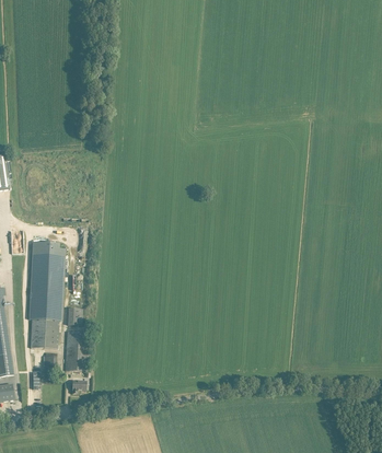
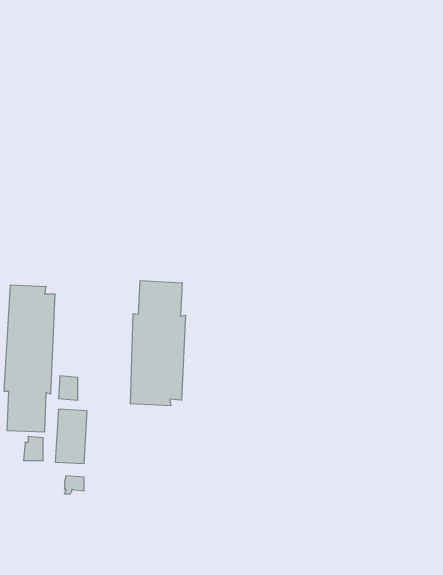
building: none -> [131,281,185,406]

